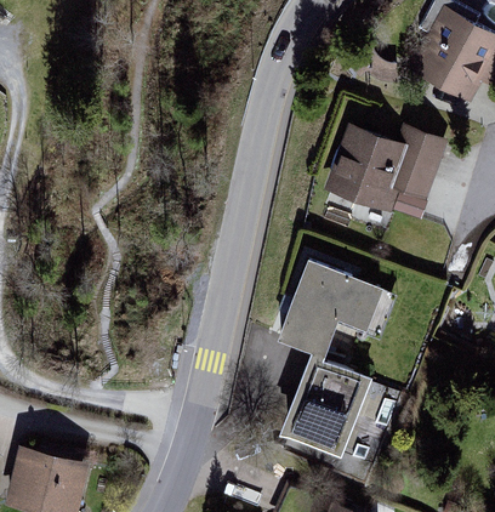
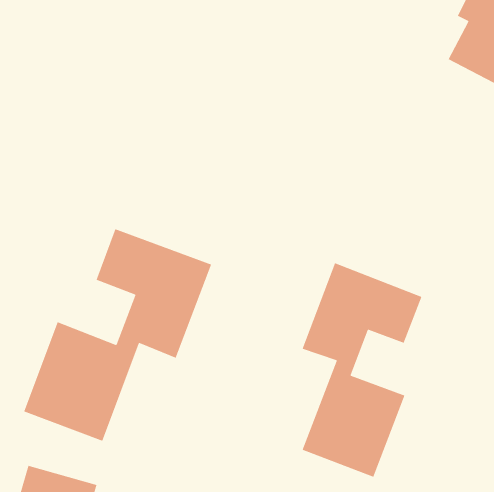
building: [330,129,450,212] -> none
building: none -> [23,228,212,442]

